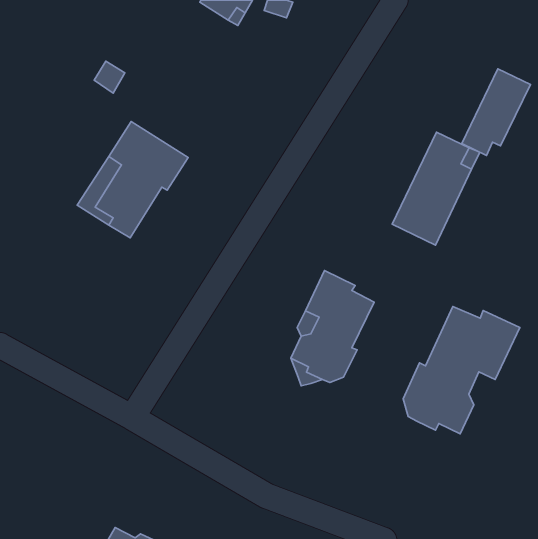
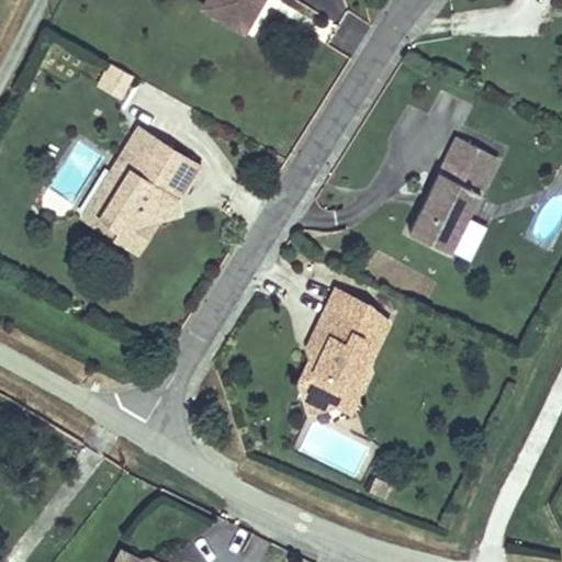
building: [462,69,531,155] -> none
building: [403,306,520,434] -> none

